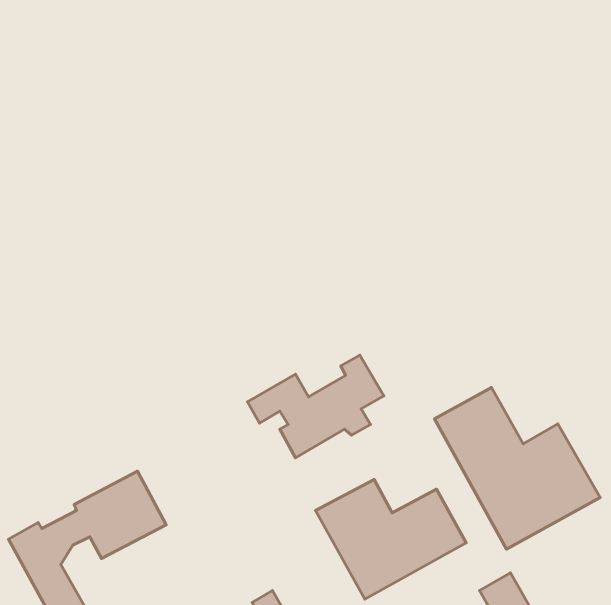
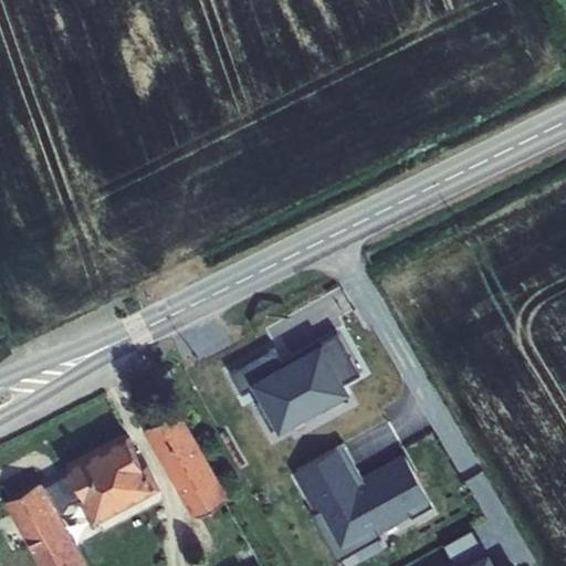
building: [434,388,600,549] -> none
building: none -> [147,416,226,518]

